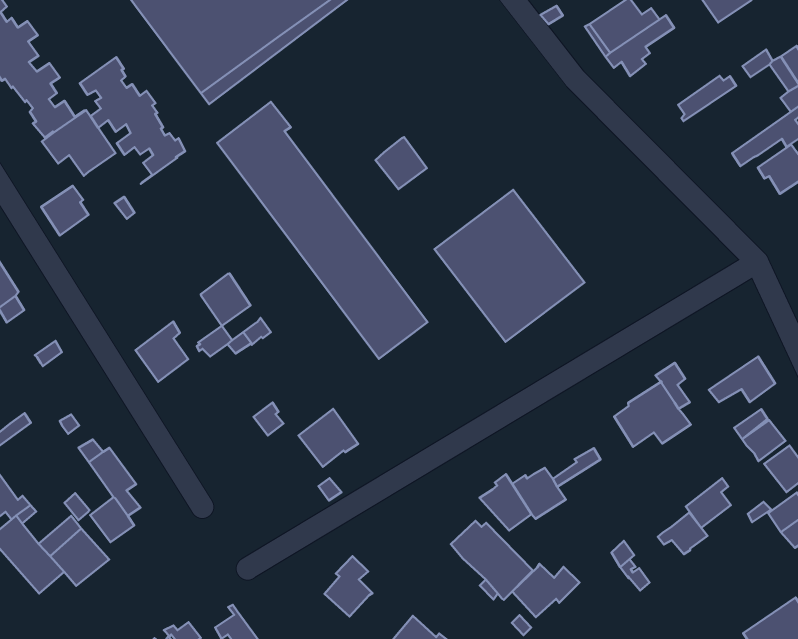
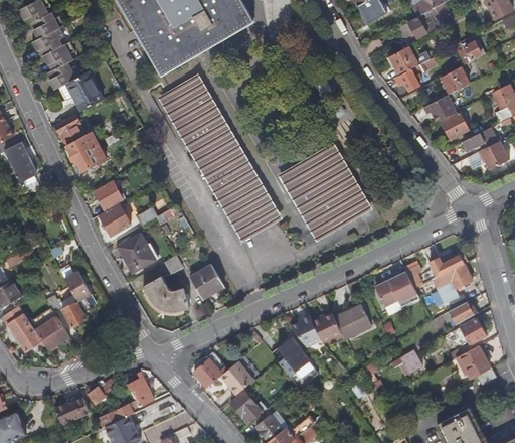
building: none -> [440,67,468,94]
building: [80,57,185,184] -> none
building: none -> [441,112,467,139]
building: [375,137,427,189] -> none
building: none -> [66,132,107,171]
building: [201,274,250,326] -> [95,180,123,210]
building: none -> [430,255,466,277]
building: none -> [118,234,153,273]
building: none -> [143,277,189,312]
building: none -> [337,312,371,339]
building: [686,478,731,528] -> none
building: [512,564,580,617] -> none
building: none -> [219,360,253,395]

